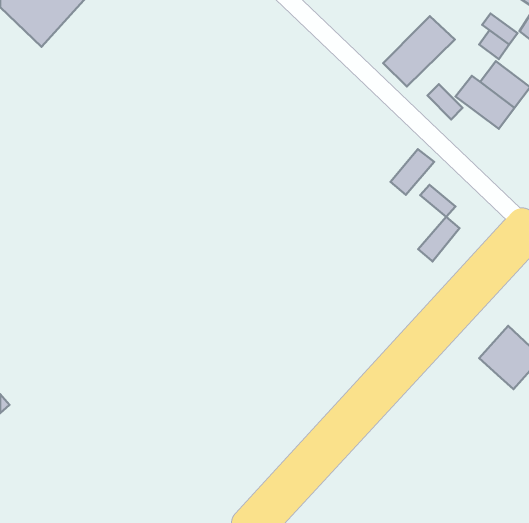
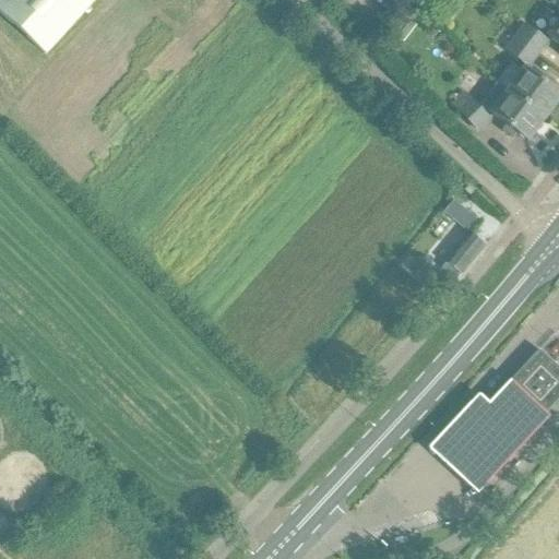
building: [383,16,455,87] -> none
building: [391,149,434,195] -> none
building: none -> [433,386,547,493]

